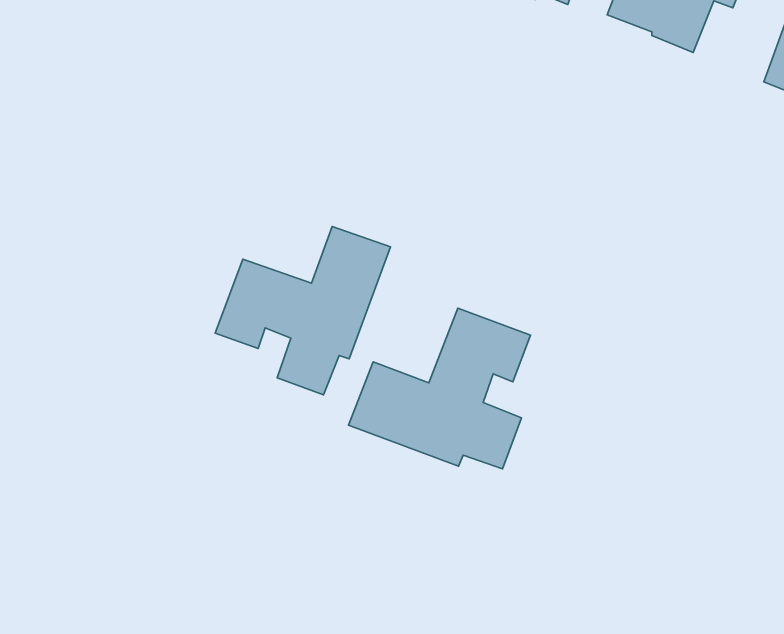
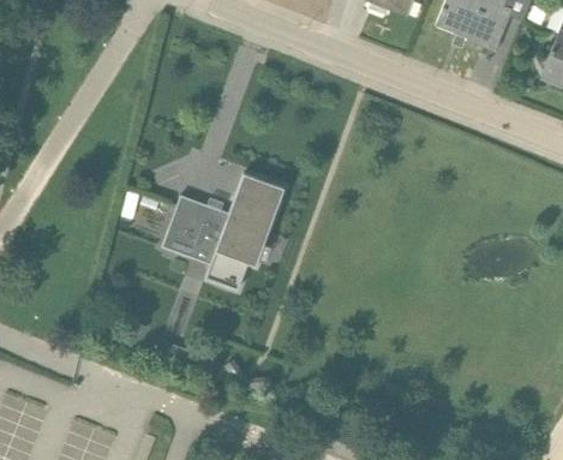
building: [349,308,531,469] -> none

